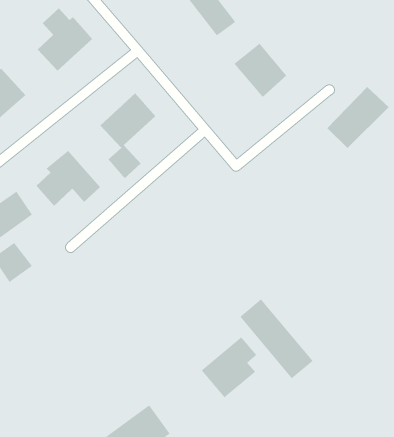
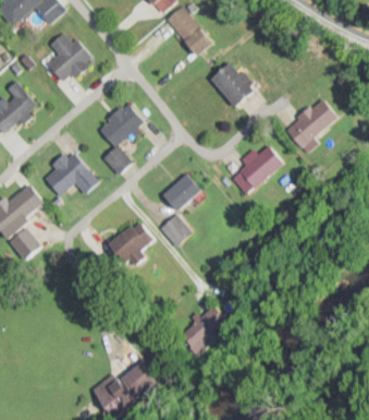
building: none -> [232,146,284,194]
building: none -> [161,175,202,243]
building: none -> [106,219,156,271]
building: [239,299,313,379] -> none

